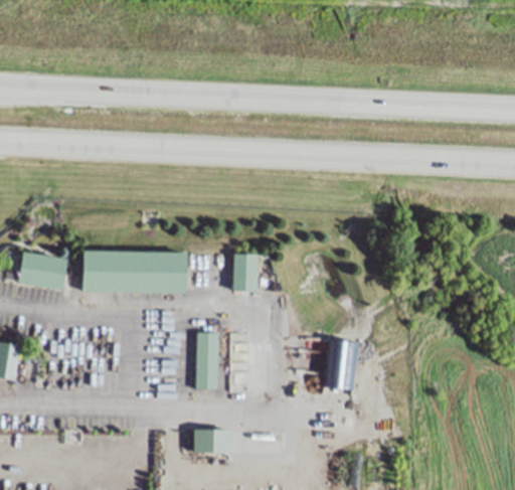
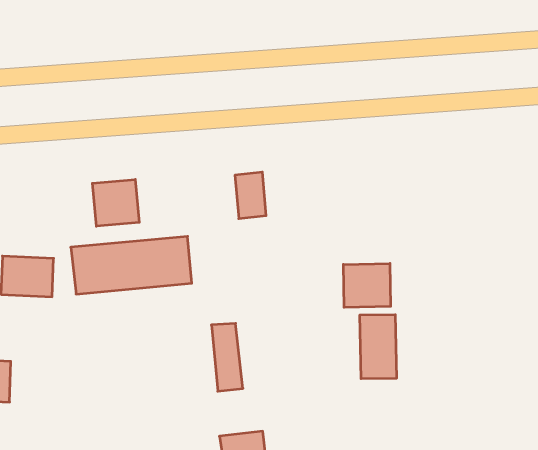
building: none -> [92,179,139,226]
building: [232,253,258,291] -> [235,172,266,219]
building: none -> [343,263,391,307]

